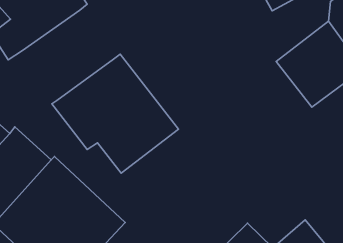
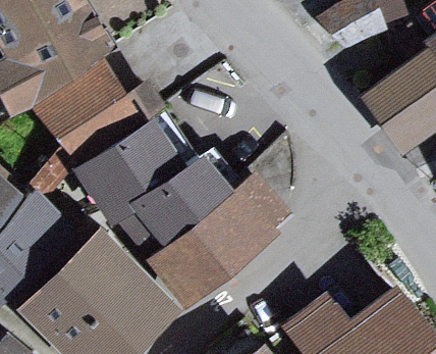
building: none -> [44,45,154,154]
building: none -> [160,163,305,300]

